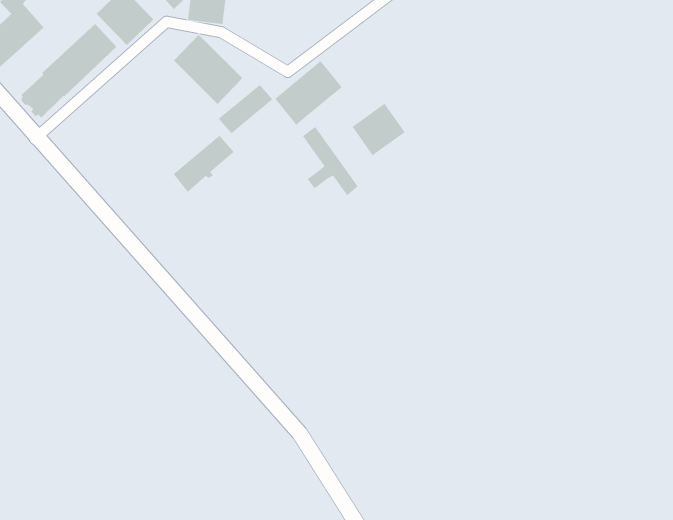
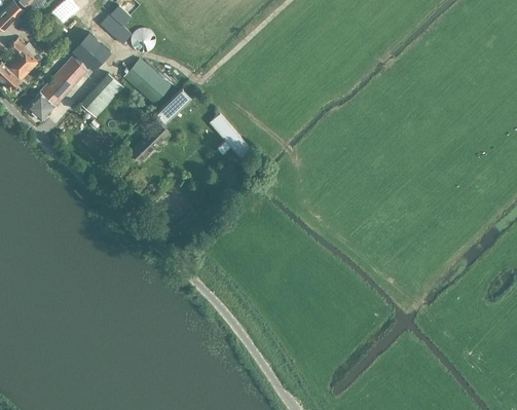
building: none -> [80,73,123,117]
building: [275,60,343,126] -> none
building: [352,103,405,156] -> none

